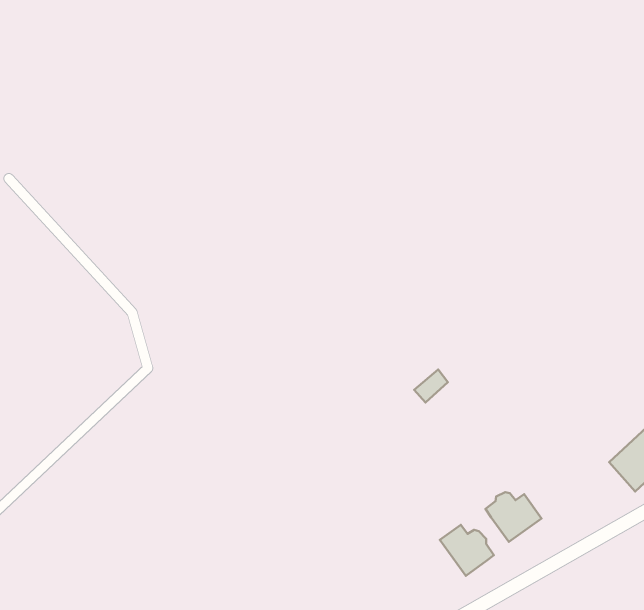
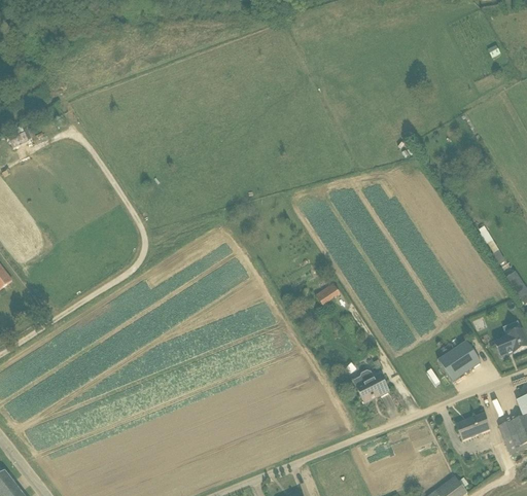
building: [440,525,494,576] -> none

